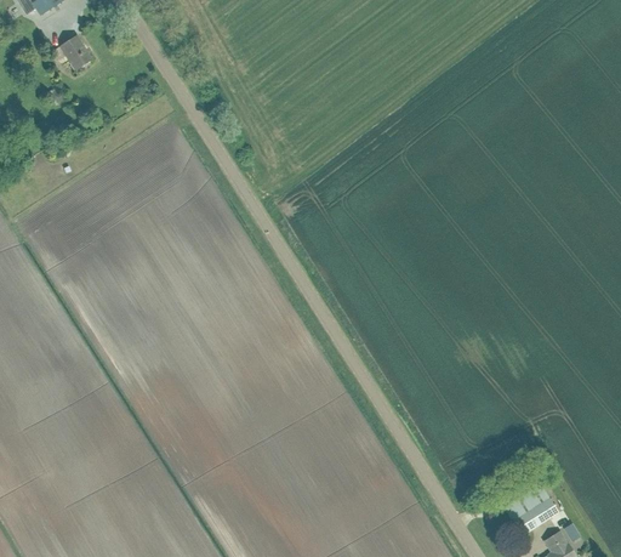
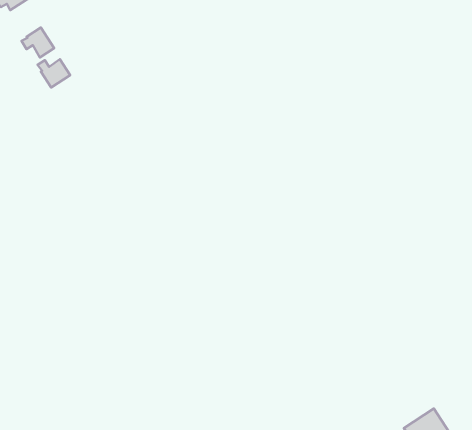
building: none -> [37,59,70,87]

